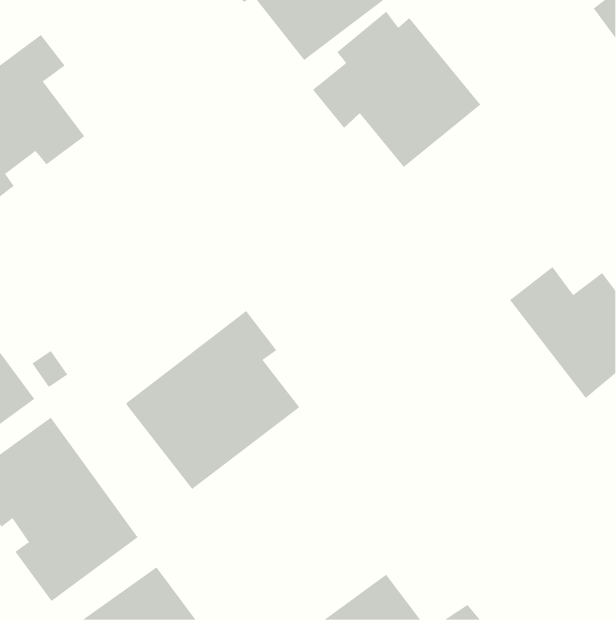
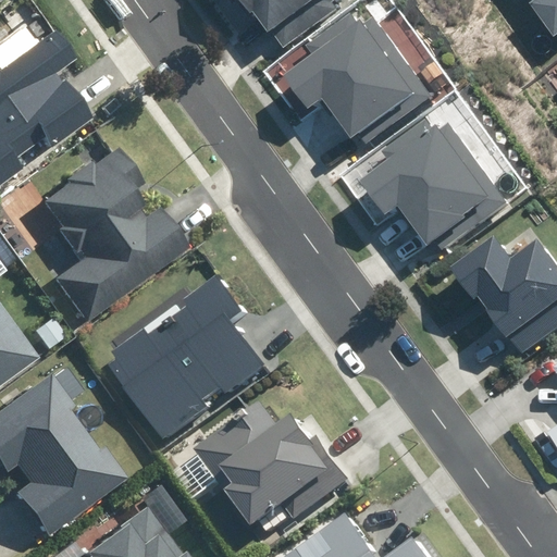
building: none -> [361,119,511,261]
building: none -> [29,148,176,323]
building: none -> [201,404,357,540]

